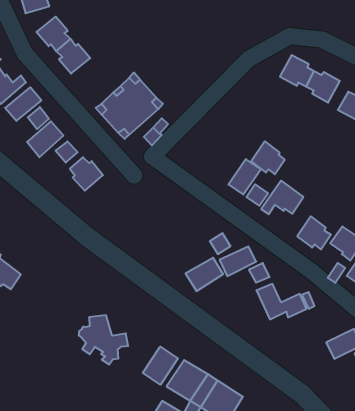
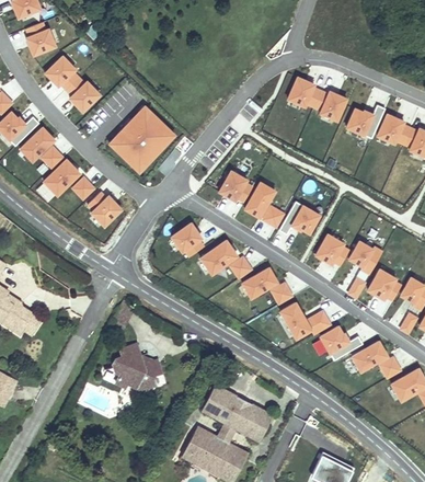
building: [251,141,285,174] -> [219,170,252,202]
building: none -> [171,222,204,256]
building: [185,258,223,291] -> [199,240,237,274]
building: none -> [320,325,363,360]
building: [143,347,178,385] -> none

